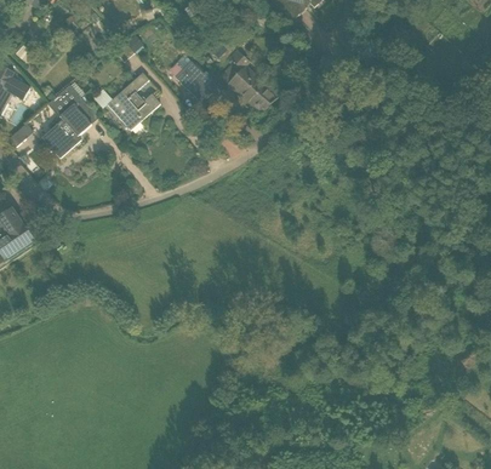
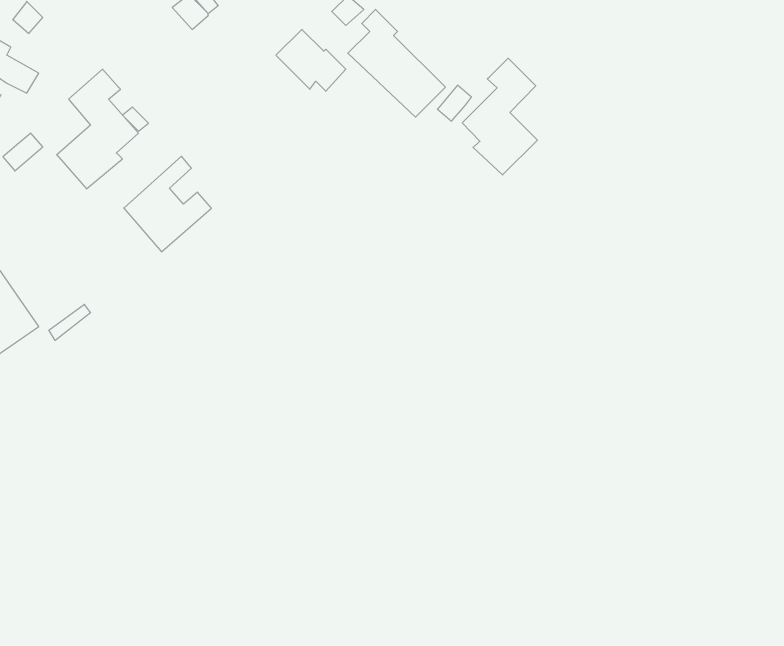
building: [107,70,160,128] -> [124,156,211,252]
building: none -> [462,58,537,175]

